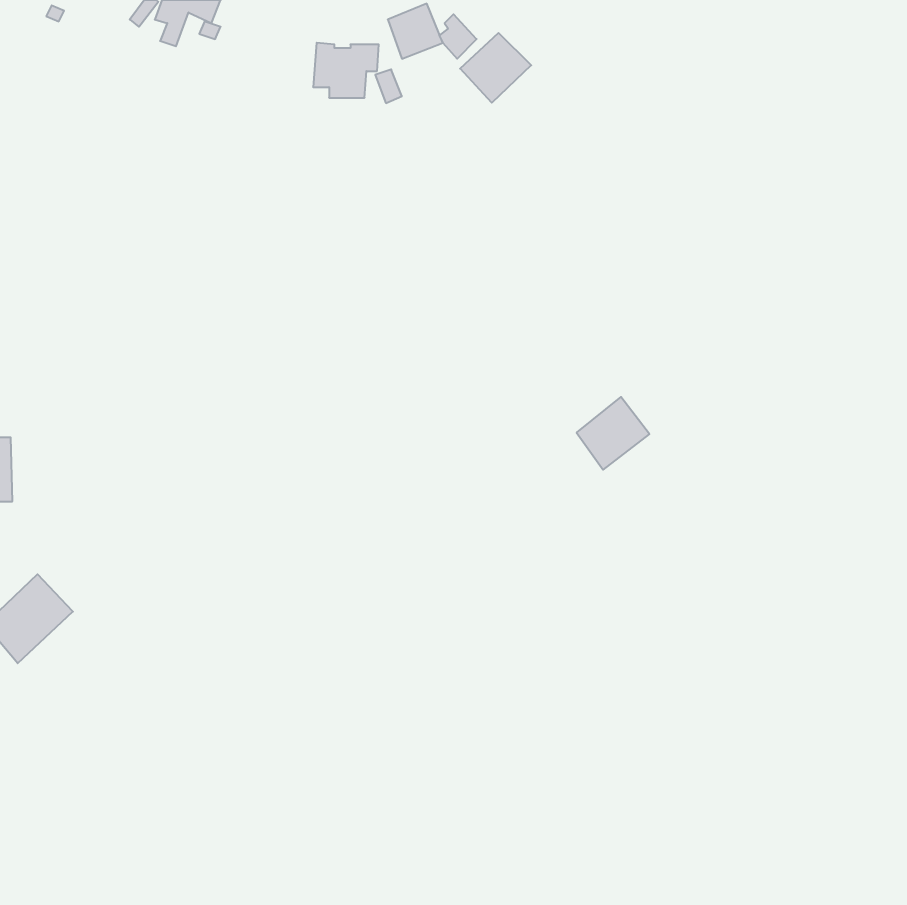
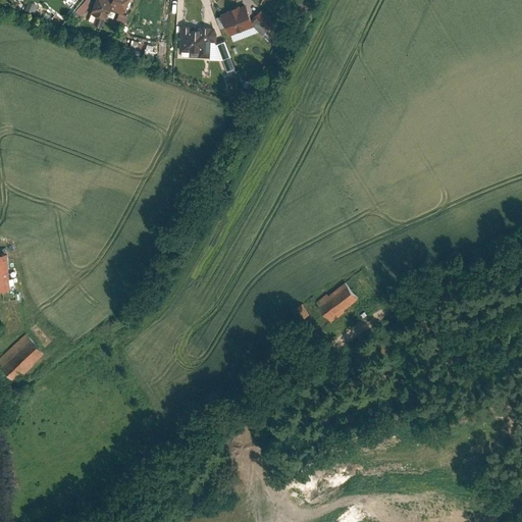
building: [460,33,531,103] -> none
building: [577,397,649,470] -> [313,281,355,323]

